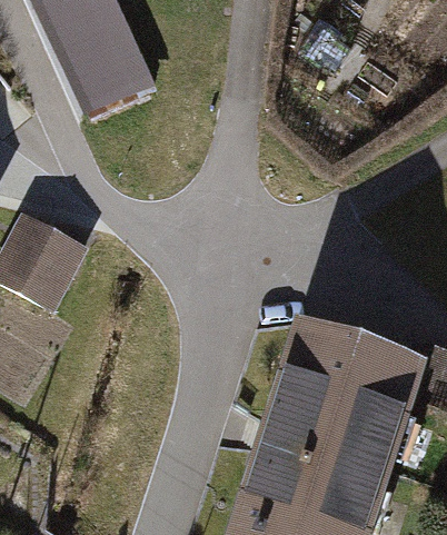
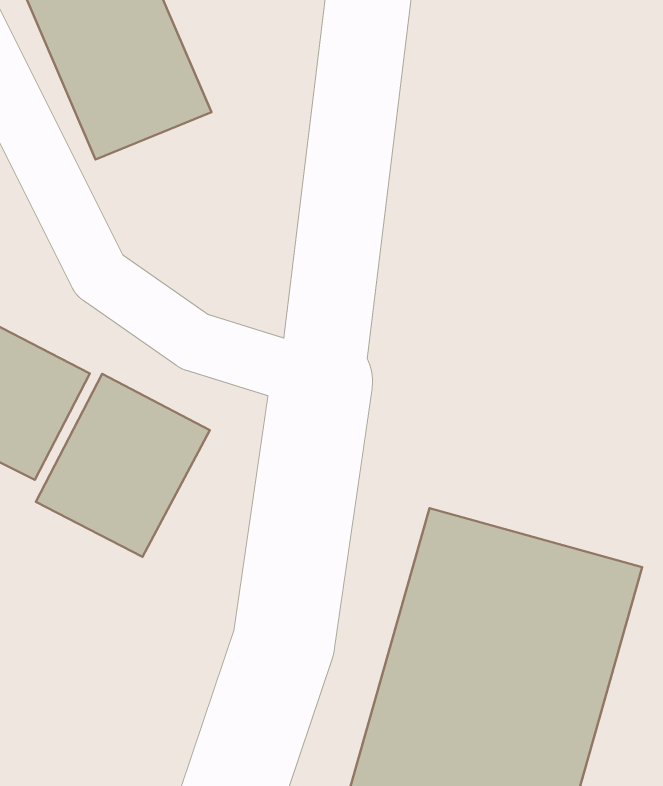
building: none -> [36,374,210,557]

